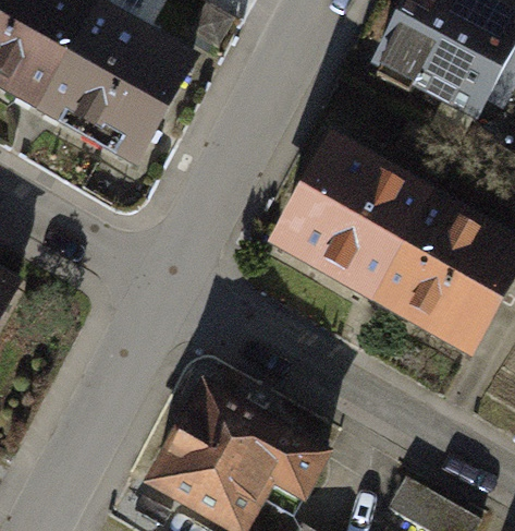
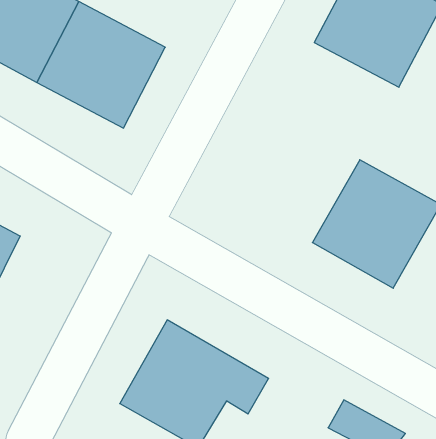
building: [273,144,424,295] -> none

